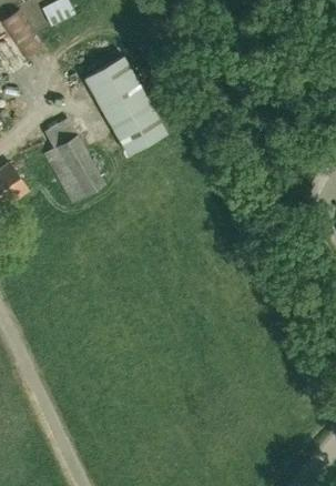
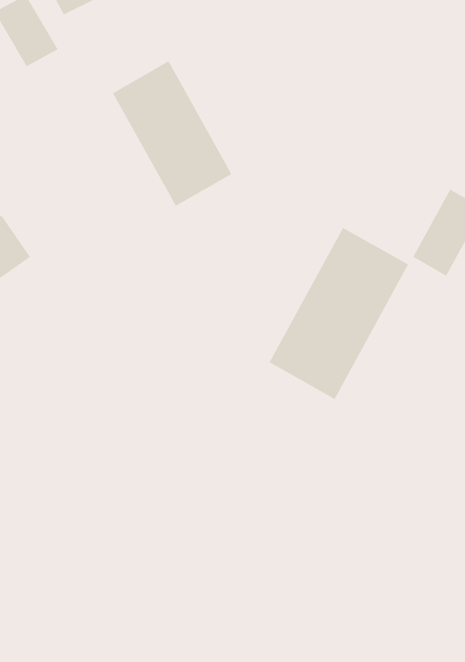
building: [44,119,105,203] -> none
building: none -> [269,227,409,400]

